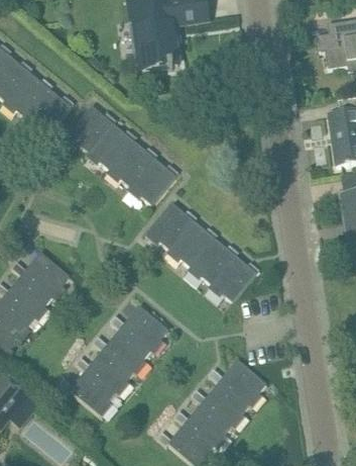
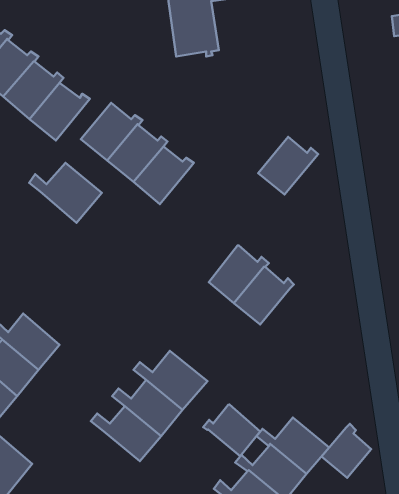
building: [131,158,180,204] -> [258,137,318,194]
building: [149,202,198,250] -> none
building: [12,252,71,300] -> [29,163,102,223]
building: [212,255,260,302] -> none
building: none -> [203,404,260,456]
building: none -> [321,424,371,478]
building: [58,370,115,413] -> none

